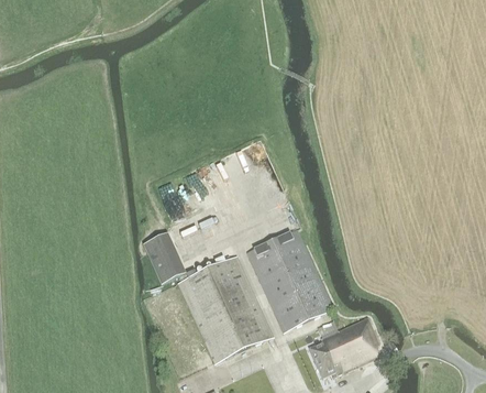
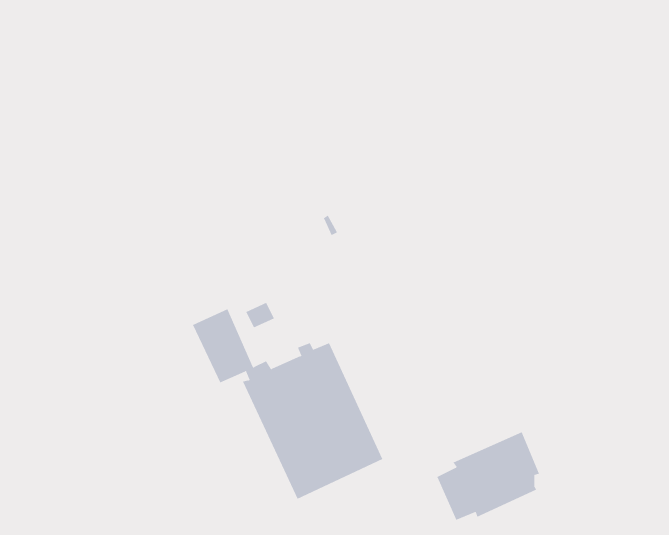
building: [246,228,333,330] -> none

